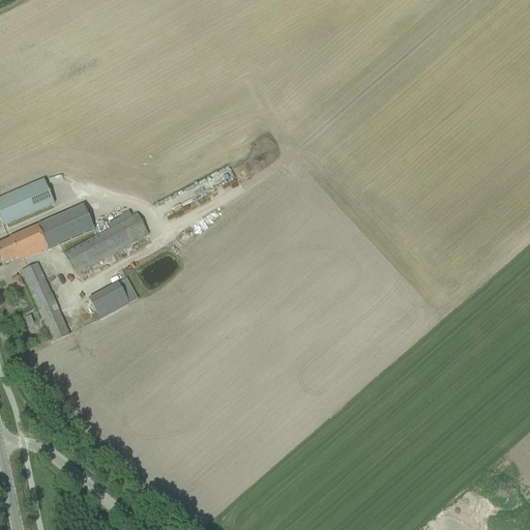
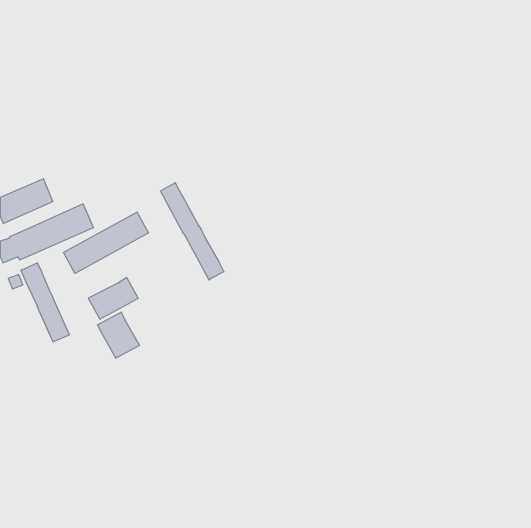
building: none -> [160,183,224,280]
building: none -> [98,312,139,358]

